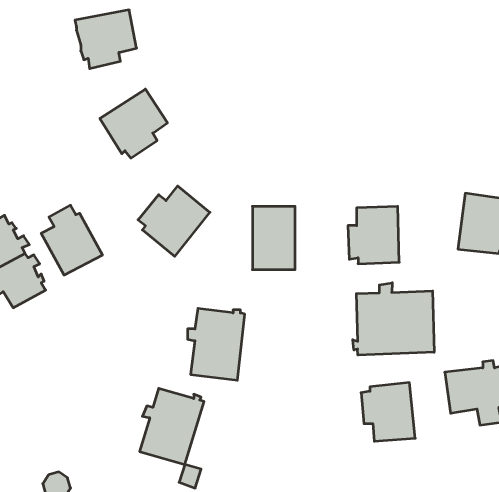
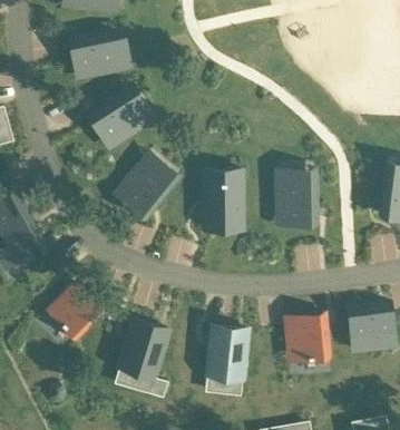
building: [41,205,102,275] -> none
building: [353,283,434,355] -> none
building: [188,308,245,380] -> [205,324,248,379]
building: none -> [55,284,106,338]

